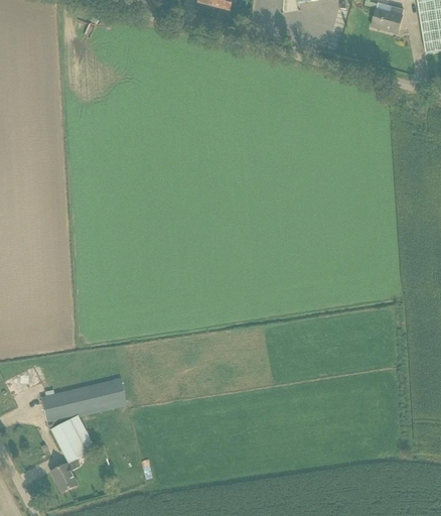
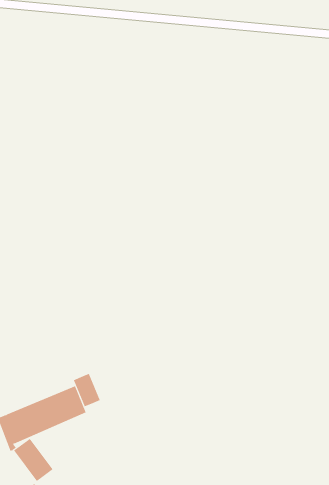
building: none -> [73,373,100,407]

